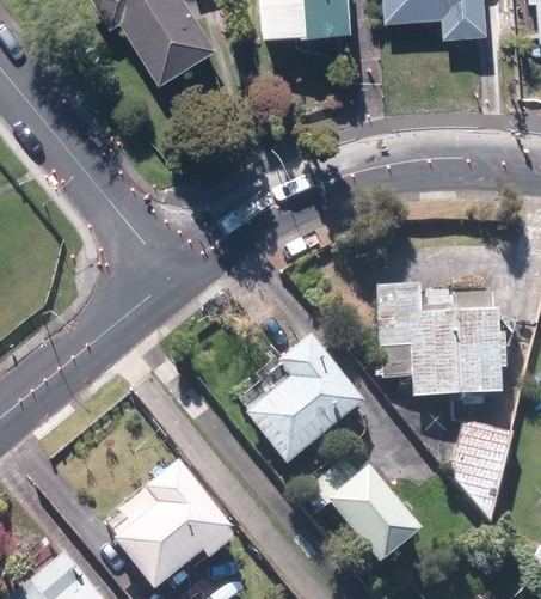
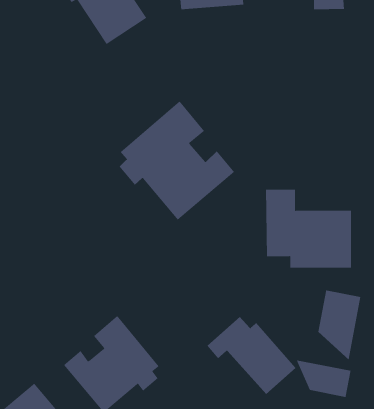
building: none -> [119,101,235,221]
building: [236,332,364,463] -> none
building: none -> [296,359,351,398]

